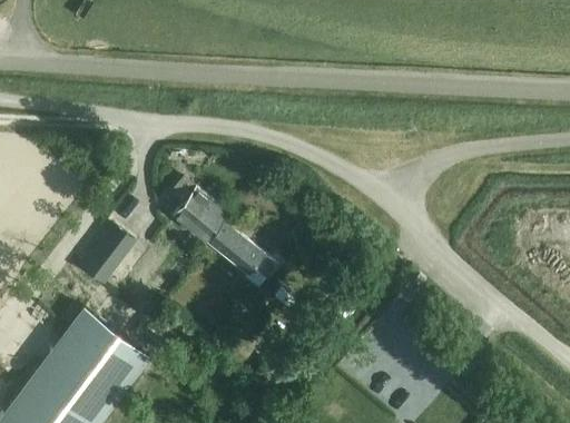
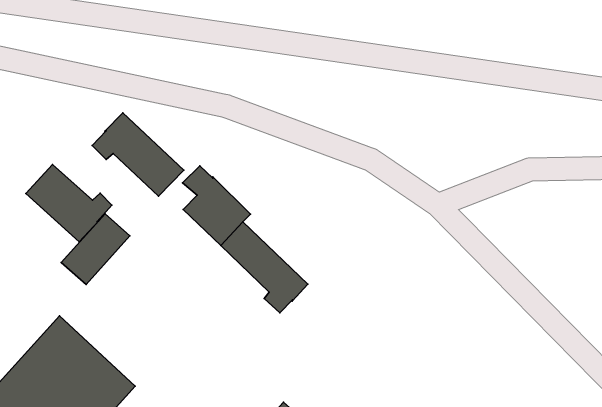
building: none -> [92,113,184,196]
building: none -> [26,165,112,242]

